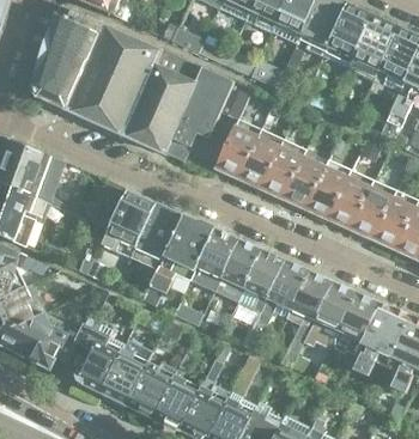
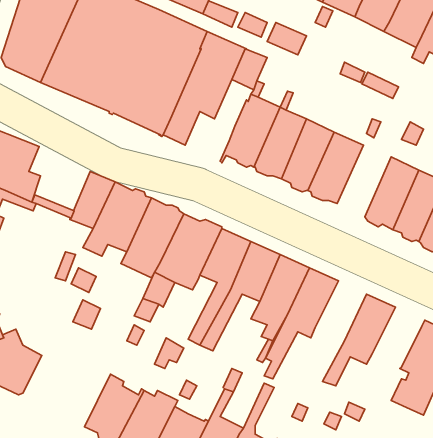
building: [309,160,353,219] -> none
building: [287,272,333,354] -> none
building: [333,293,381,358] -> none
building: [74,313,126,392] -> none

